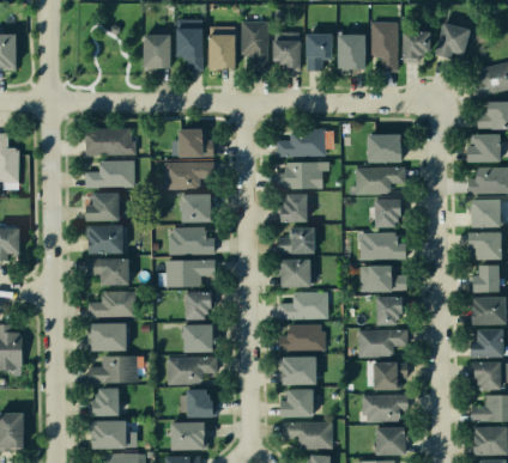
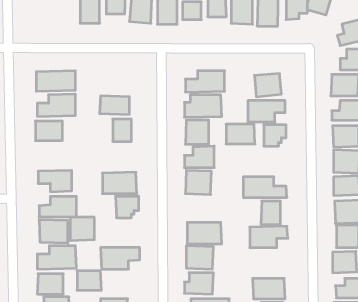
building: [176,129,204,156] -> none
building: [86,225,122,254] -> none
building: [173,230,218,255] -> none
building: [363,233,400,258] -> [226,124,255,144]
building: [282,292,331,318] -> none
building: [182,324,213,354] -> [70,217,94,241]
building: [371,363,410,391] -> none
building: [182,390,213,415] -> [77,271,101,290]

